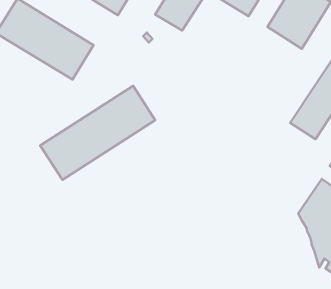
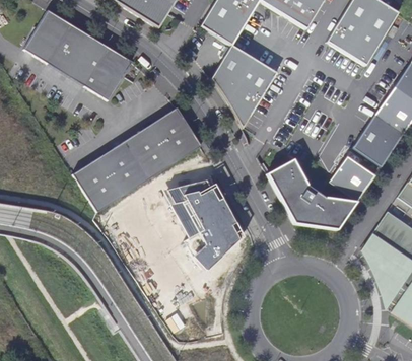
building: none -> [212,44,277,127]
building: none -> [267,155,374,228]
building: none -> [164,178,243,269]

